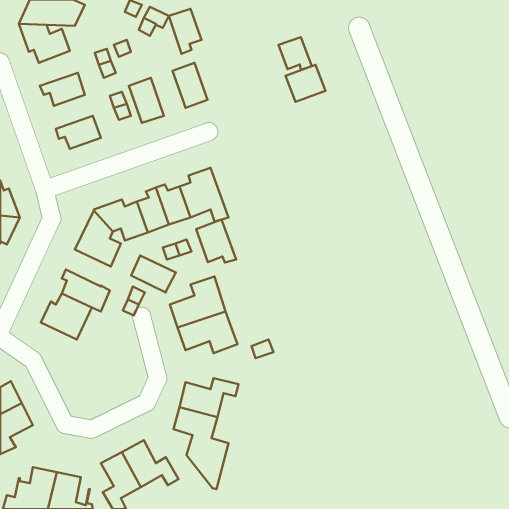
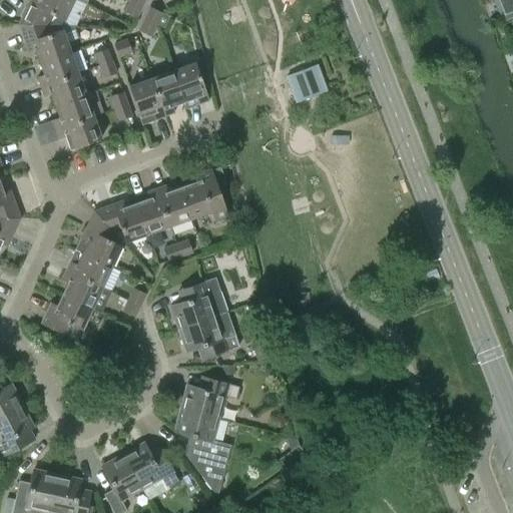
building: [169,9,202,54] -> [152,71,185,116]
building: [279,37,312,70] -> none
building: none -> [38,51,79,86]
building: none -> [53,95,94,129]
building: [196,220,236,263] -> none
building: [131,256,176,292] -> [67,250,112,288]

